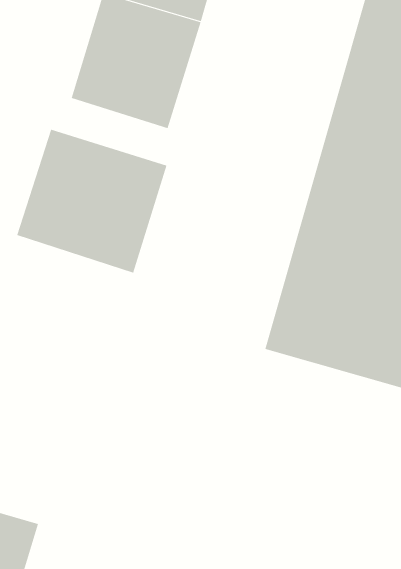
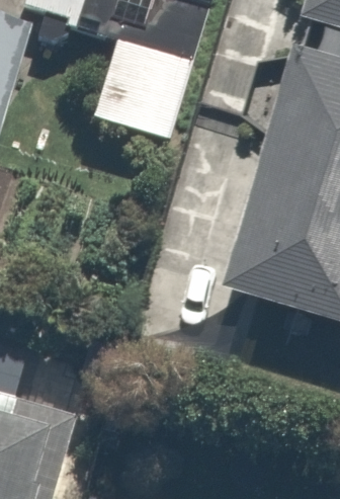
building: [16,129,167,274] -> none

